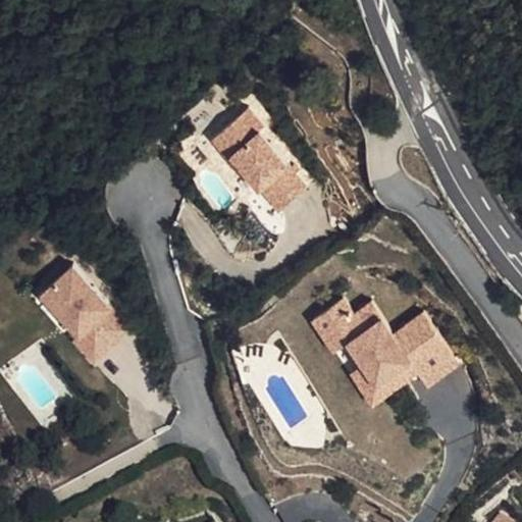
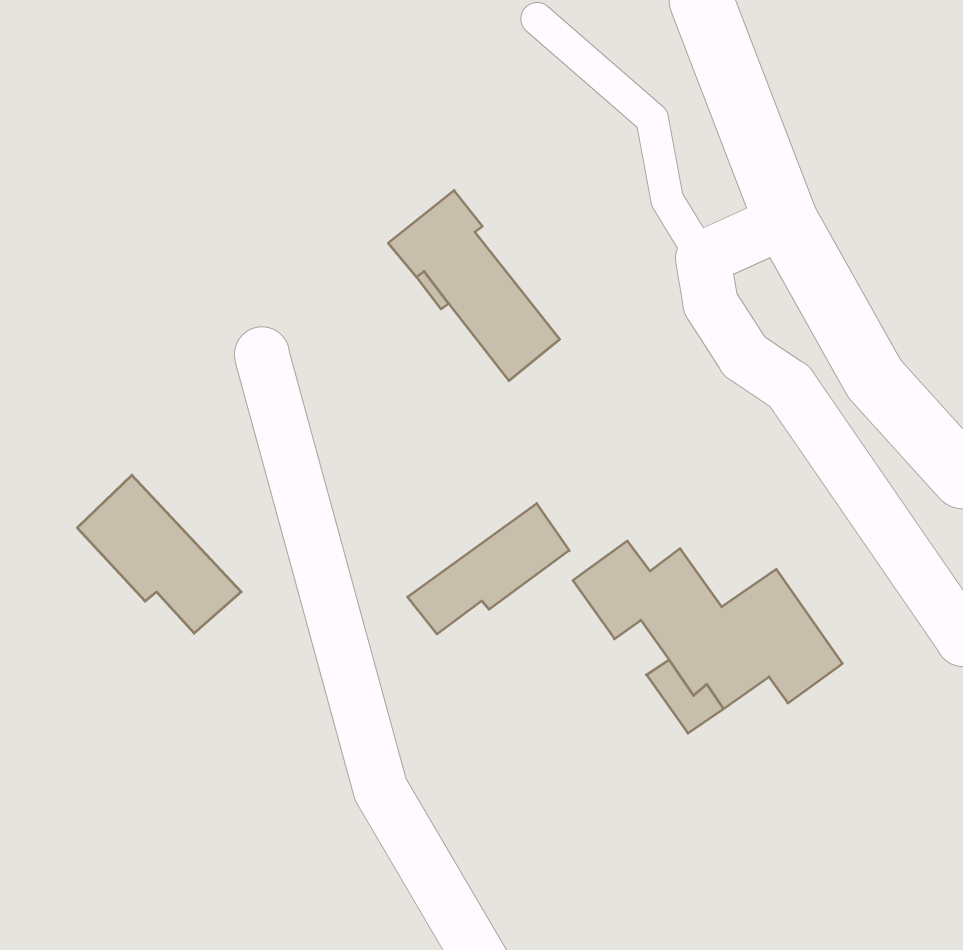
building: none -> [408,503,569,634]
building: [32,293,105,360] -> none

